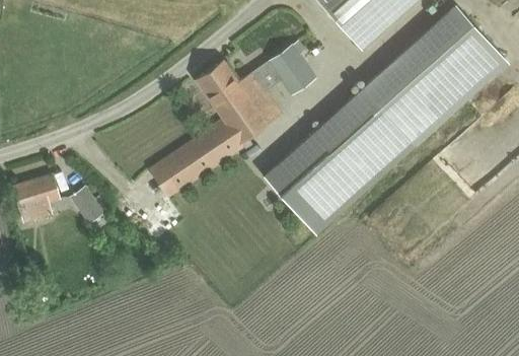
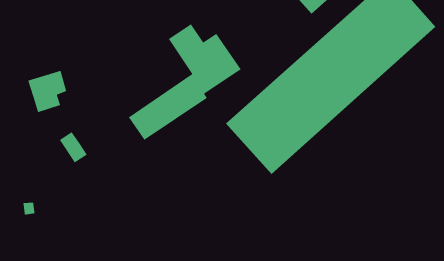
building: [269,40,316,94] -> none
building: [13,173,60,224] -> [27,70,67,113]

